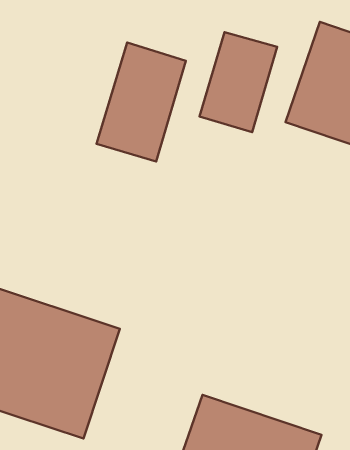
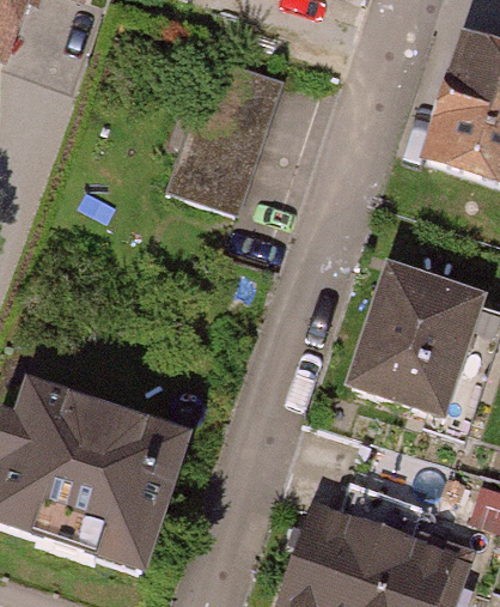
building: [199,32,277,132] -> none
building: none -> [340,269,488,425]

